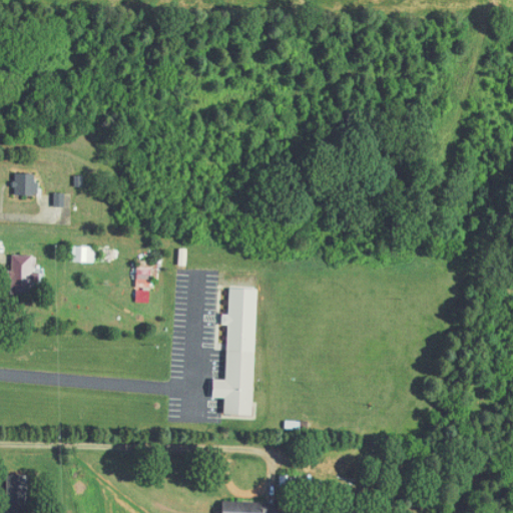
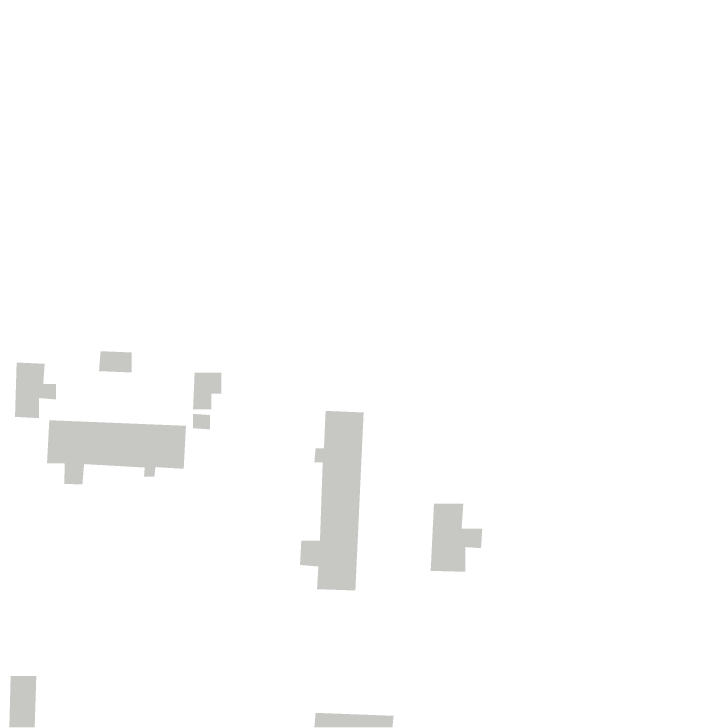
building: [13,173,36,195] -> none
building: none -> [46,420,187,485]
building: none -> [430,503,483,572]

